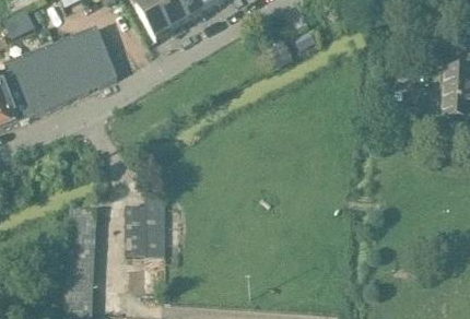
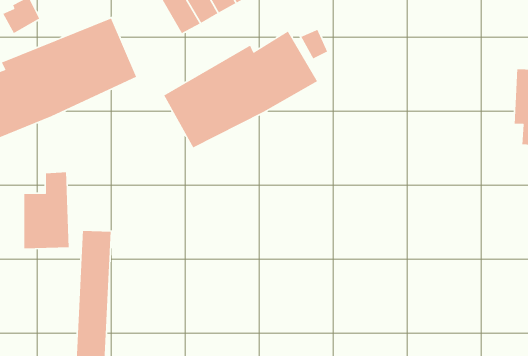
building: none -> [163,31,318,149]
building: [126,187,165,253] -> [23,172,69,249]

